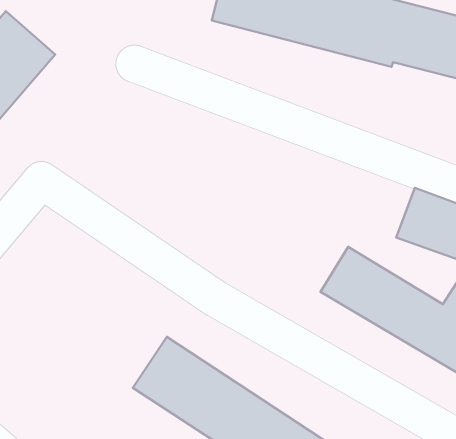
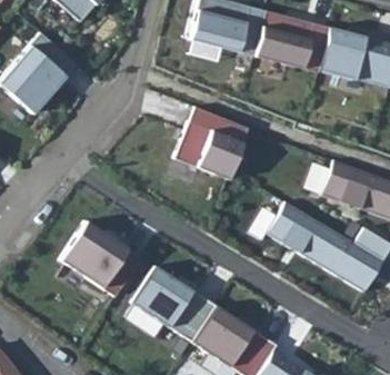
building: none -> [176,107,250,180]
building: none -> [61,221,143,297]

